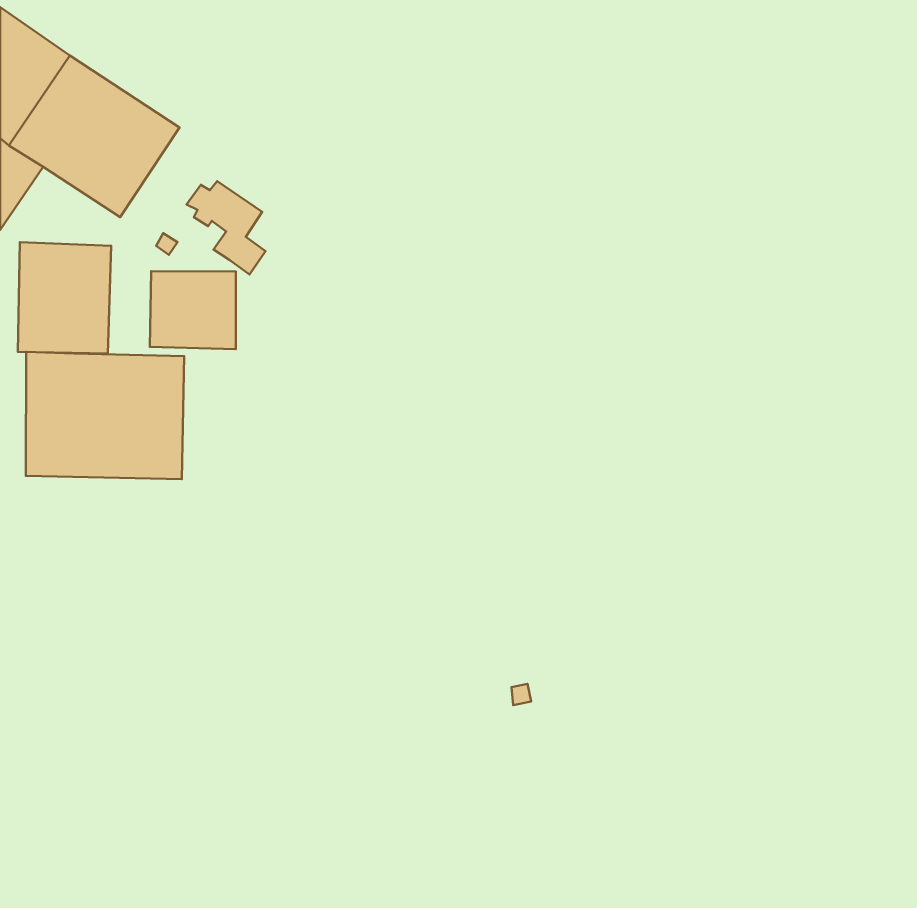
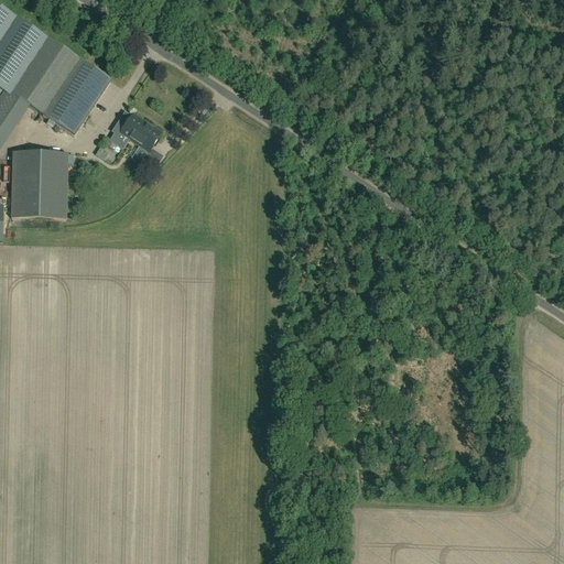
building: [150,271,236,349] -> none
building: [26,352,184,479] -> none

